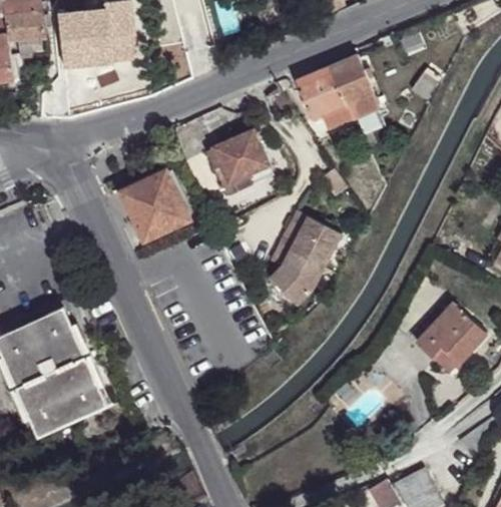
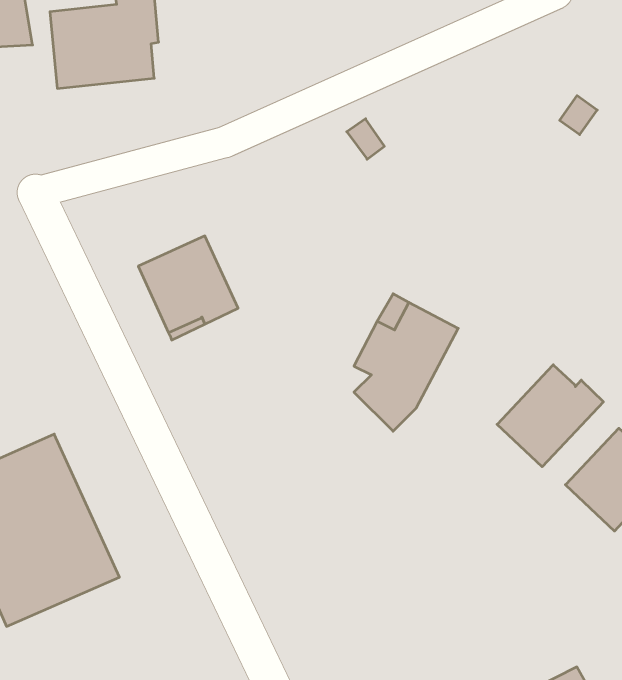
building: [295,54,380,129] -> none
building: [207,129,272,194] -> none
building: none -> [497,365,603,467]

